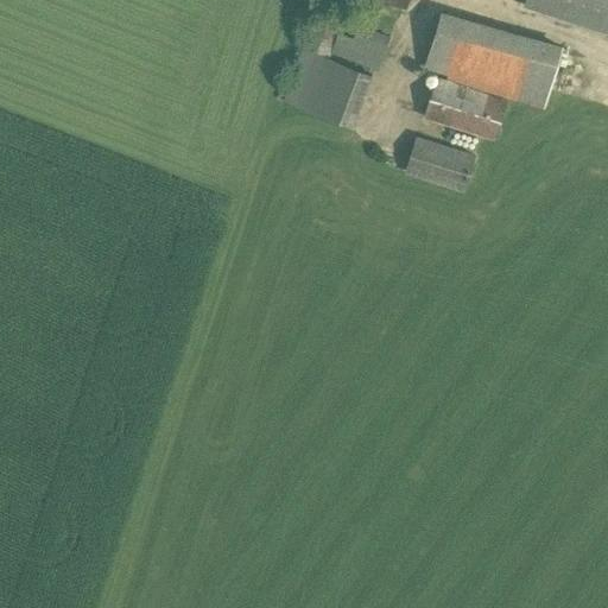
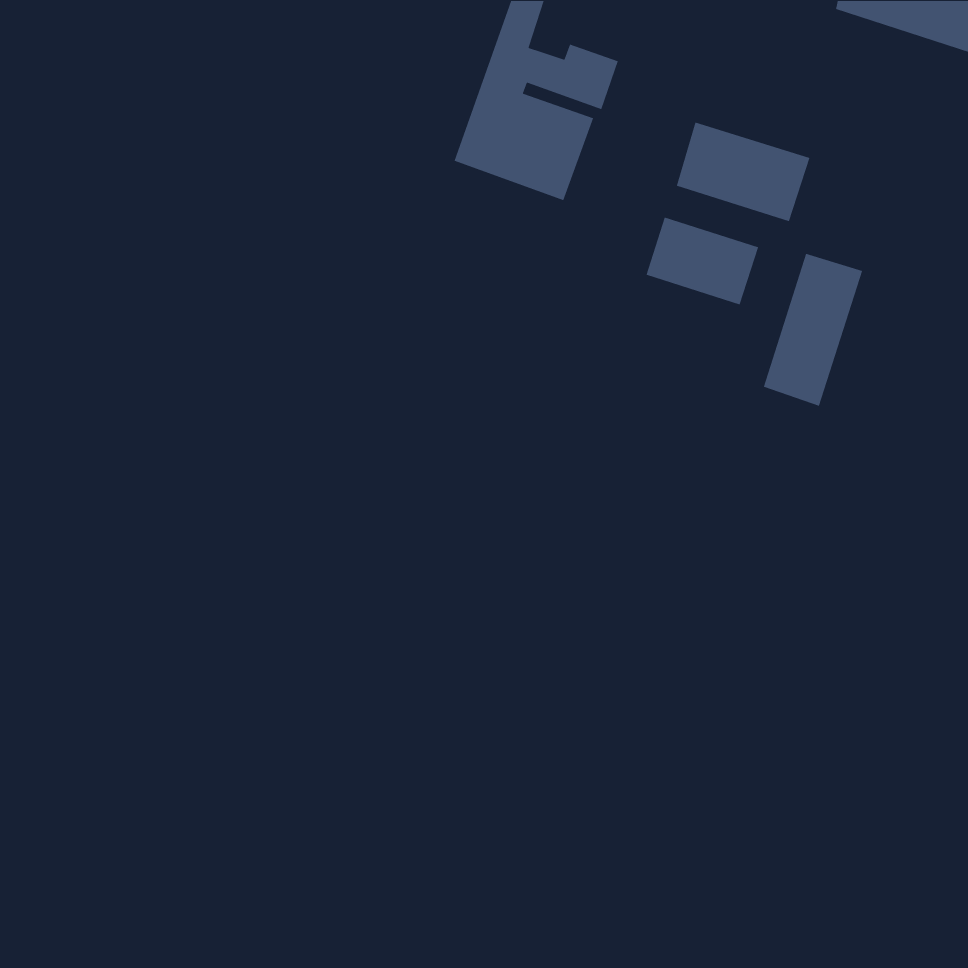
building: [425,11,557,101] -> none
building: none -> [763,253,863,407]

